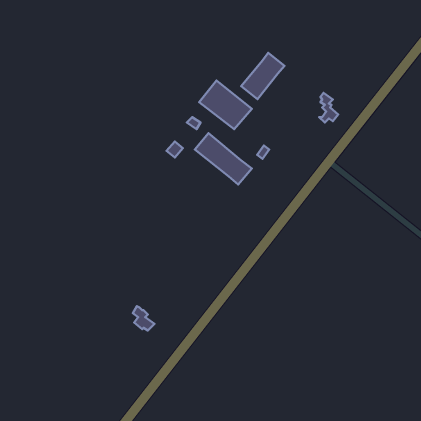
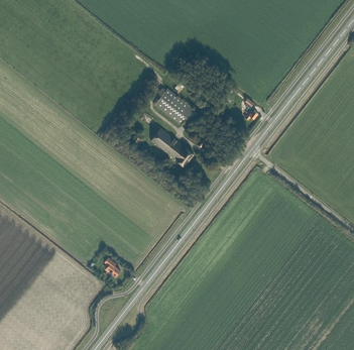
building: [241,53,285,99] -> none

